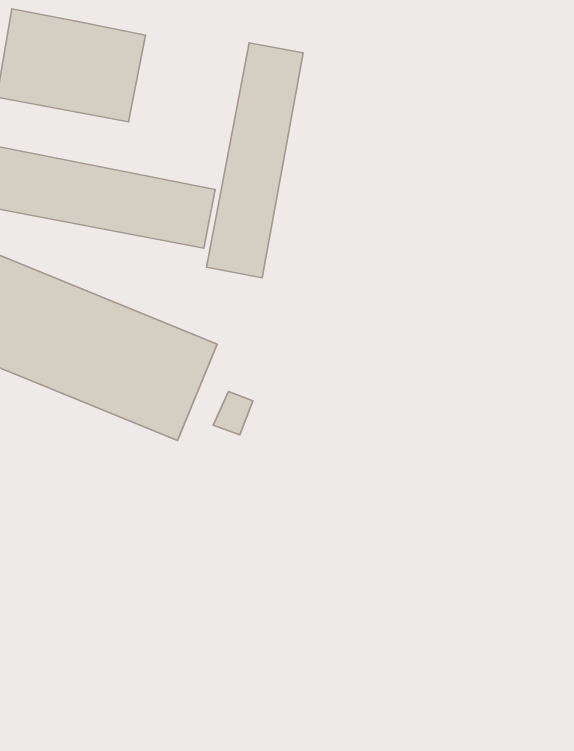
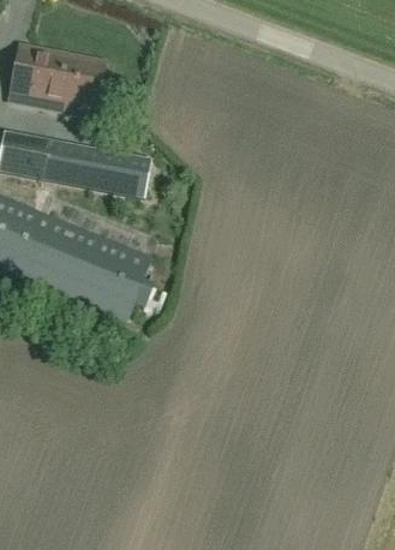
building: [206,43,303,278] -> none

